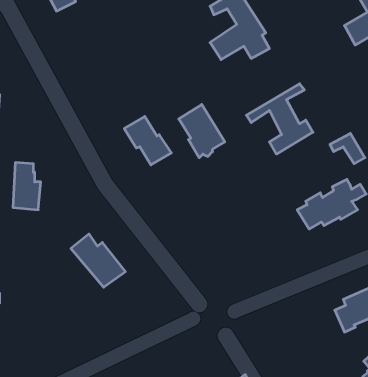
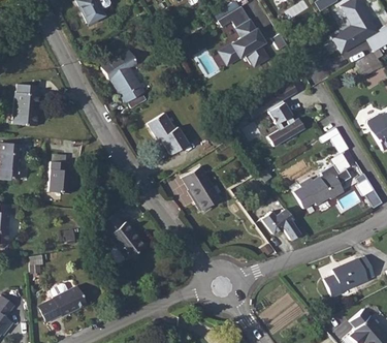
building: none -> [101,51,143,103]
building: [179,104,225,158] -> [181,165,220,211]
building: none -> [263,212,302,242]
building: none -> [45,284,85,317]

